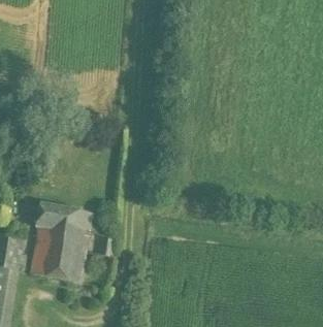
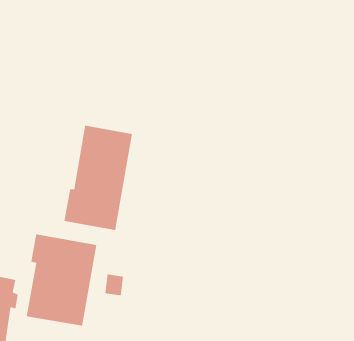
building: none -> [64,125,132,231]

